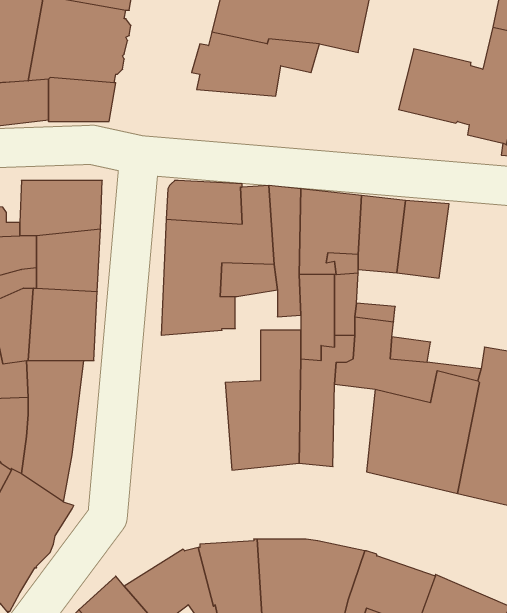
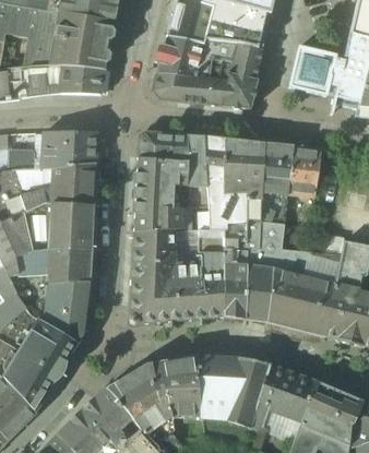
building: none -> [152,43,262,108]
building: none -> [130,228,180,322]
building: none -> [246,263,273,320]

